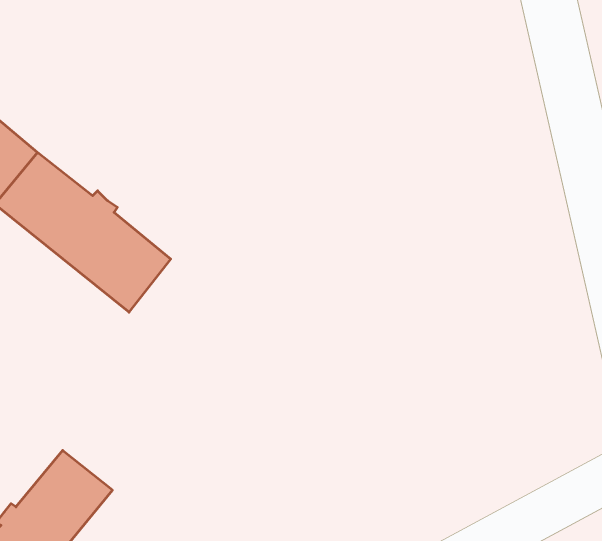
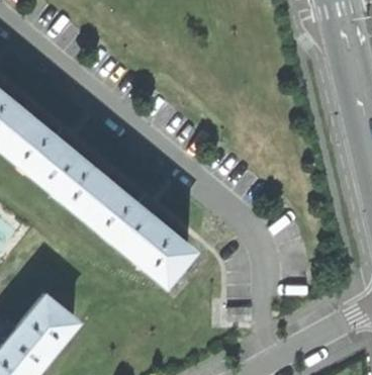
building: none -> [83,182,193,284]

